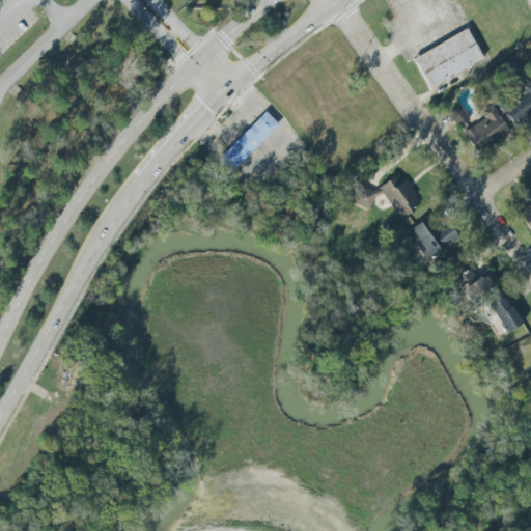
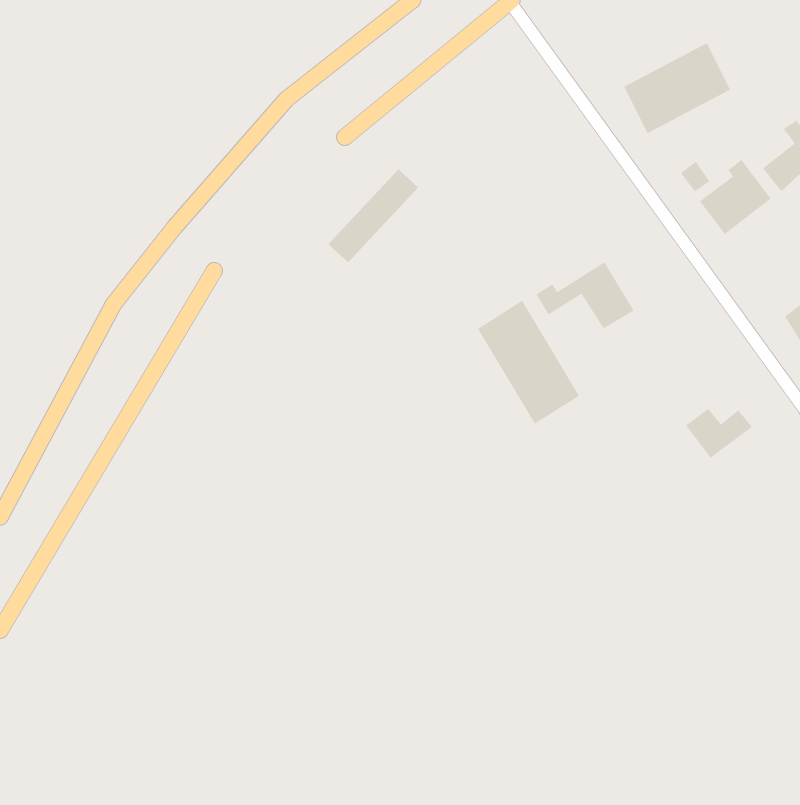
building: none -> [477,300,580,425]
building: [409,219,459,259] -> none
building: [492,296,521,332] -> none

